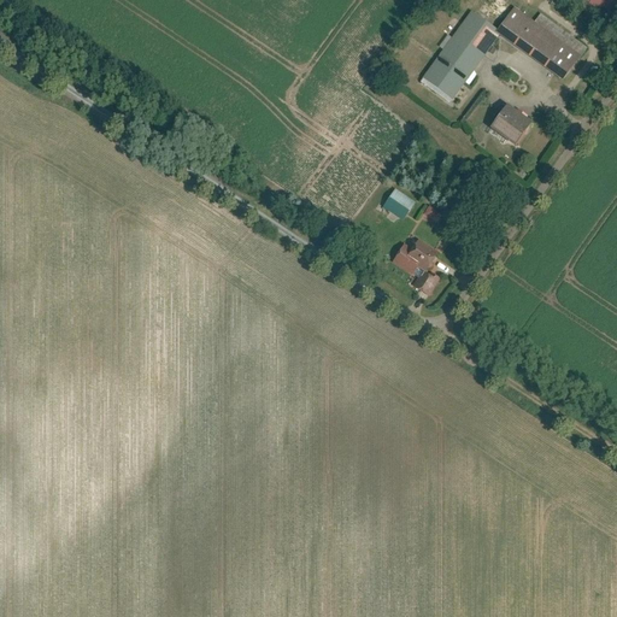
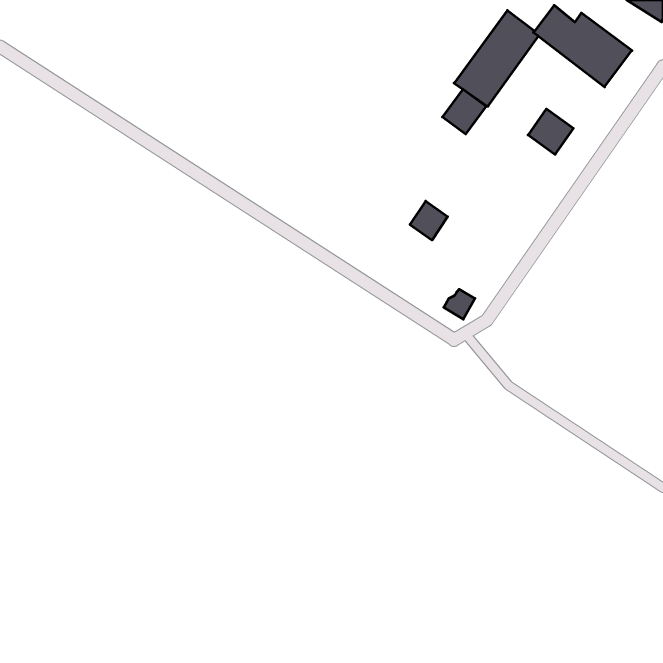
building: none -> [442,89,486,134]
building: [392,237,437,276] -> none

